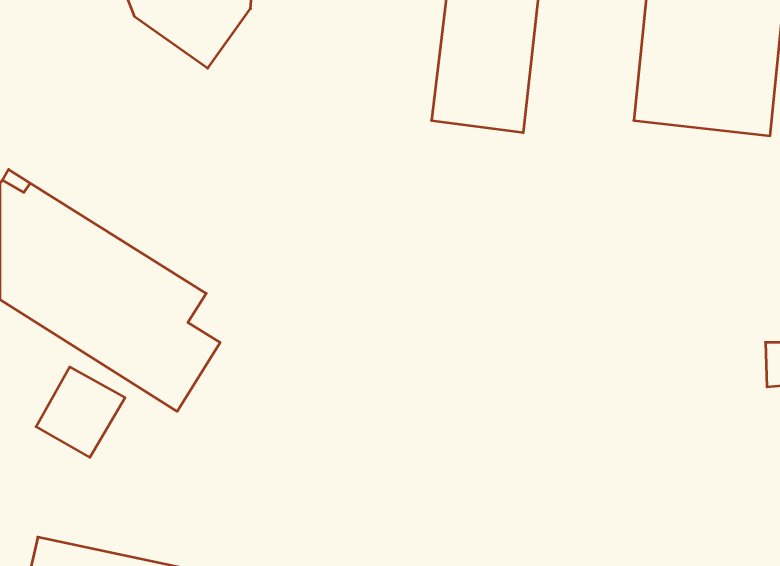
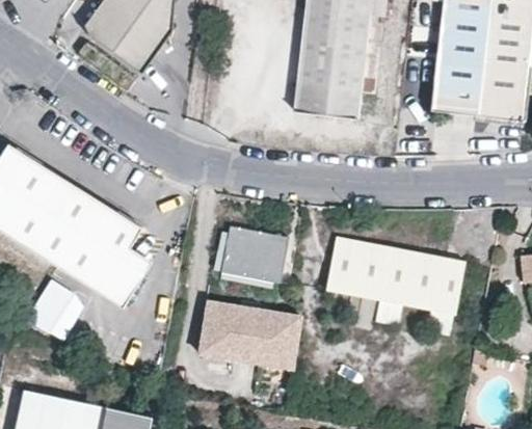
building: none -> [222,225,288,280]
building: none -> [327,237,466,313]
building: none -> [204,302,308,375]

